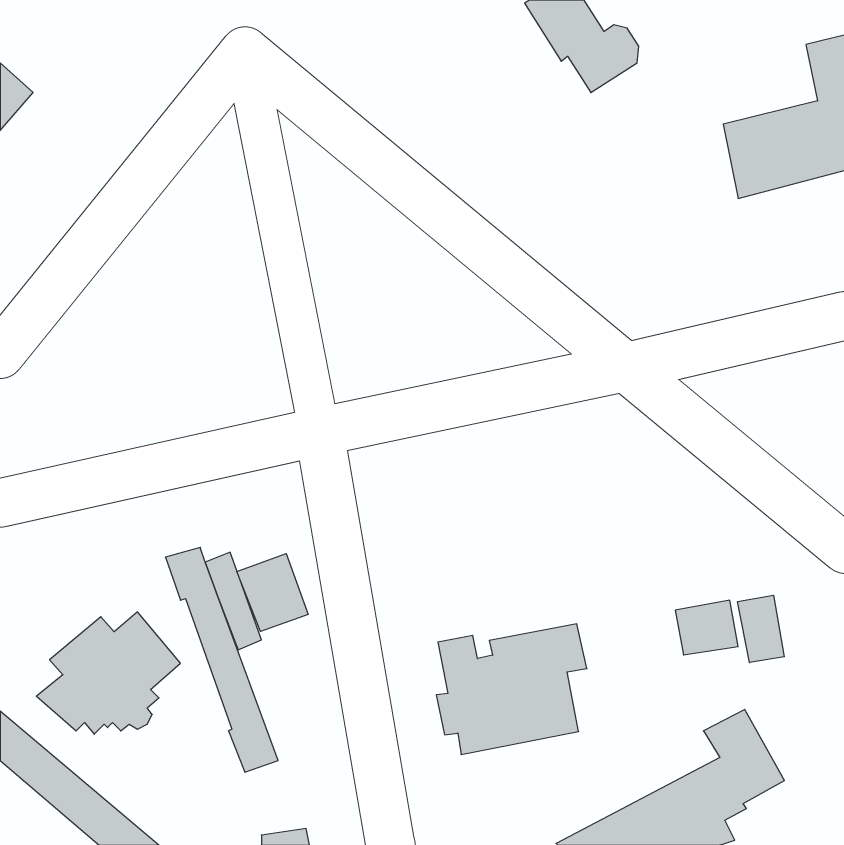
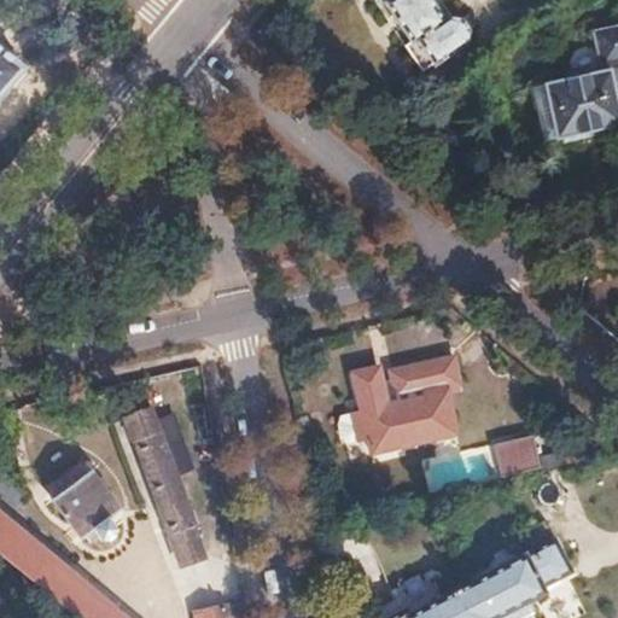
building: [237,554,308,631] -> none
building: [738,595,784,663] -> none
building: [436,624,587,755] -> [354,357,464,453]

